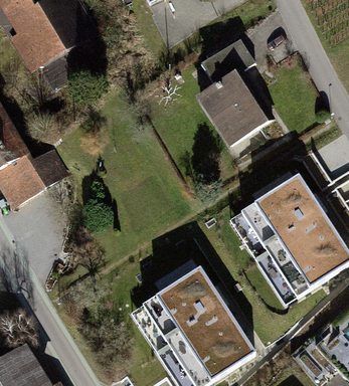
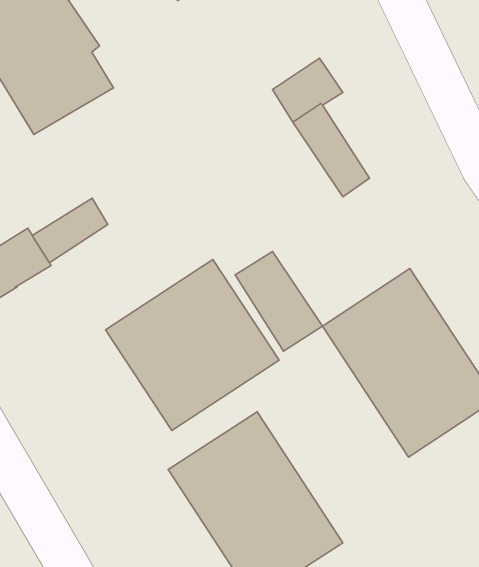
building: [196,79,252,144] -> [235,251,323,351]
building: none -> [32,198,108,262]
building: none -> [105,260,279,431]

